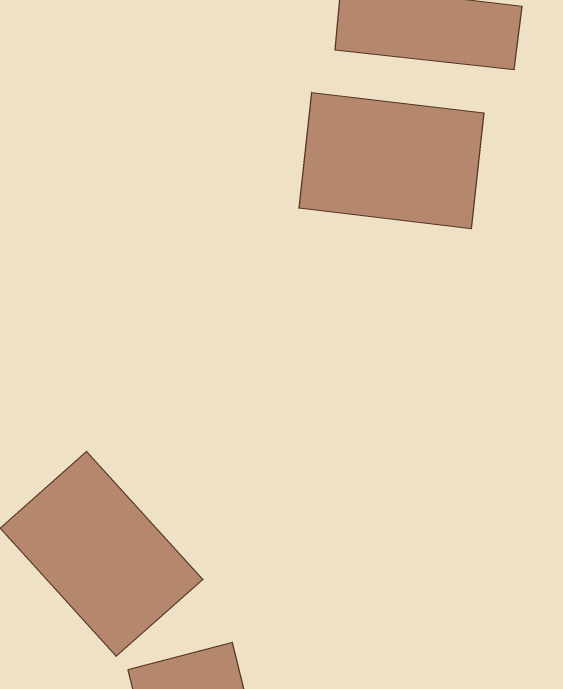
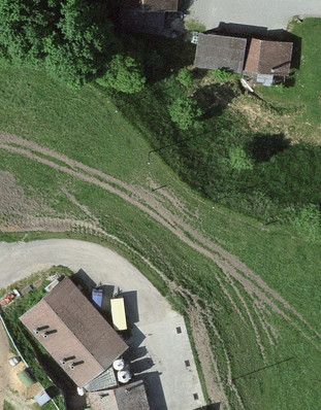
building: [299,92,484,229] -> none

